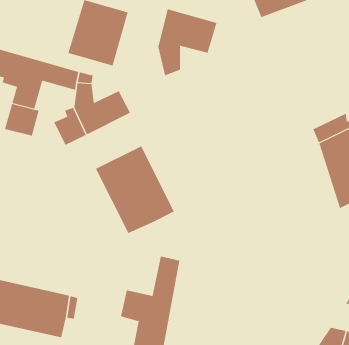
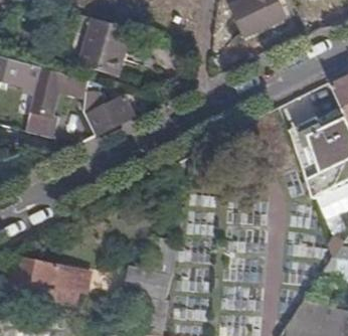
building: [158,8,217,76] -> none
building: [95,145,175,234] -> none

